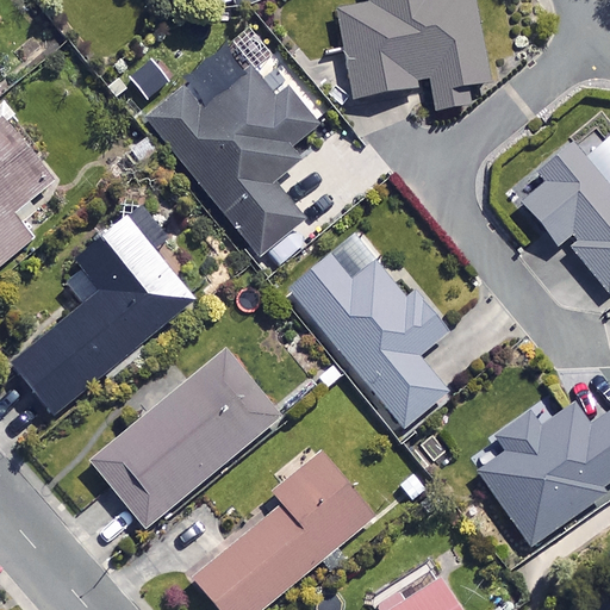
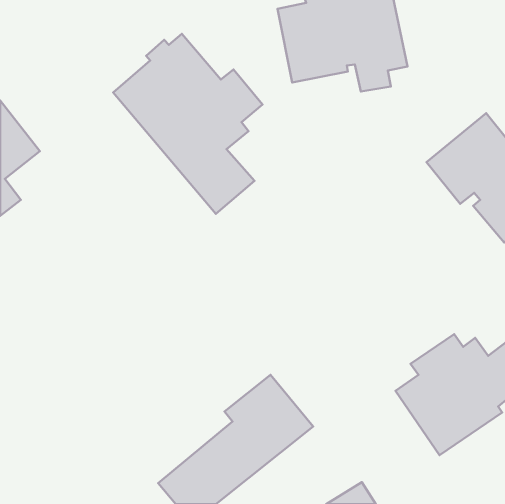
building: [10,217,194,415] -> none
building: [286,251,448,428] -> none
building: [91,351,280,528] -> none

